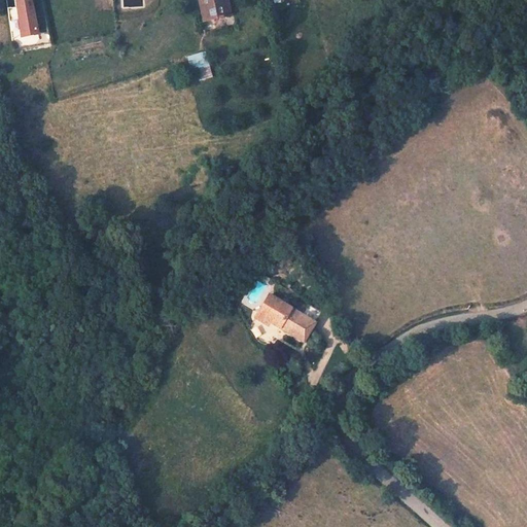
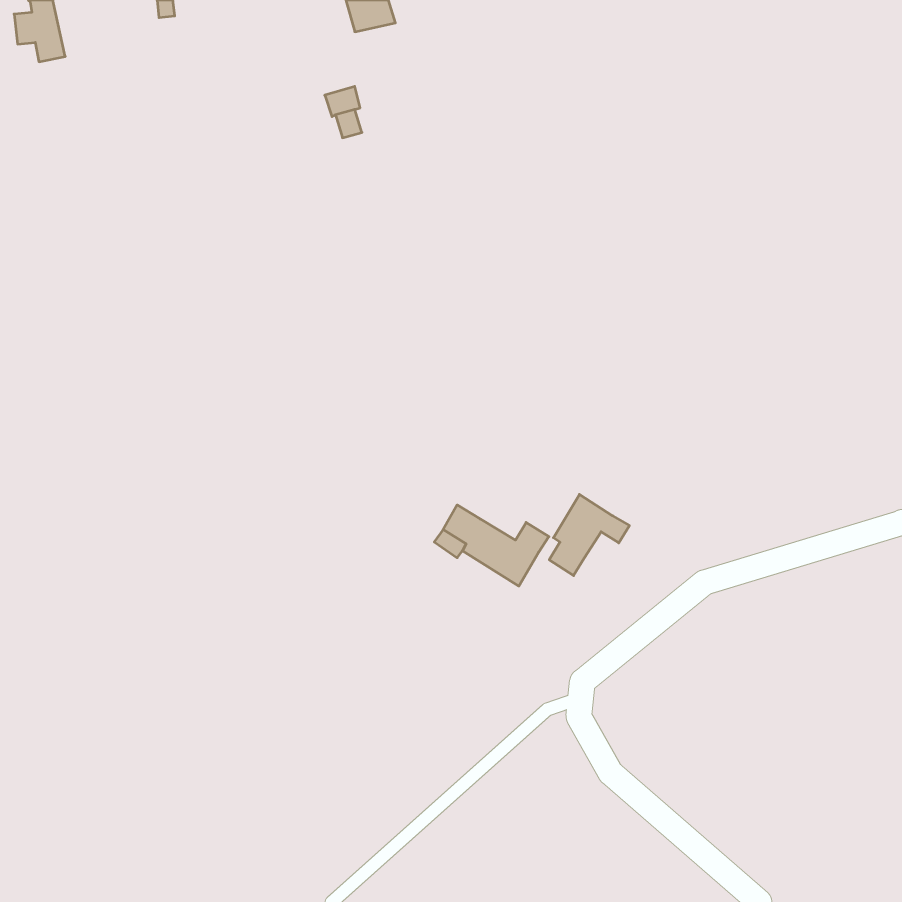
building: none -> [549,494,629,576]

